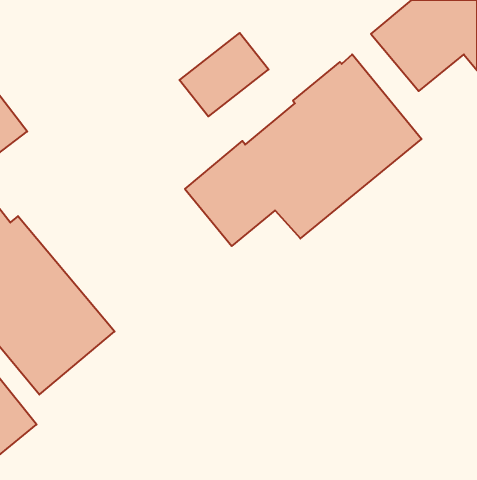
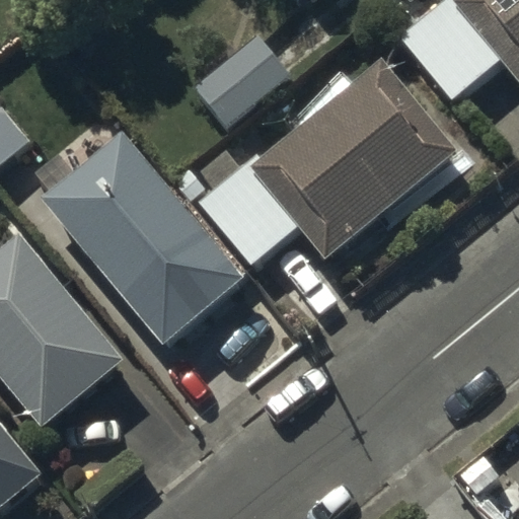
building: none -> [44,134,246,350]

